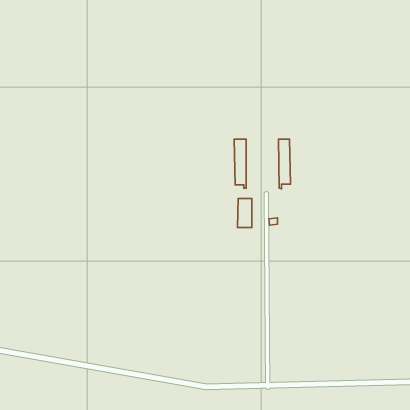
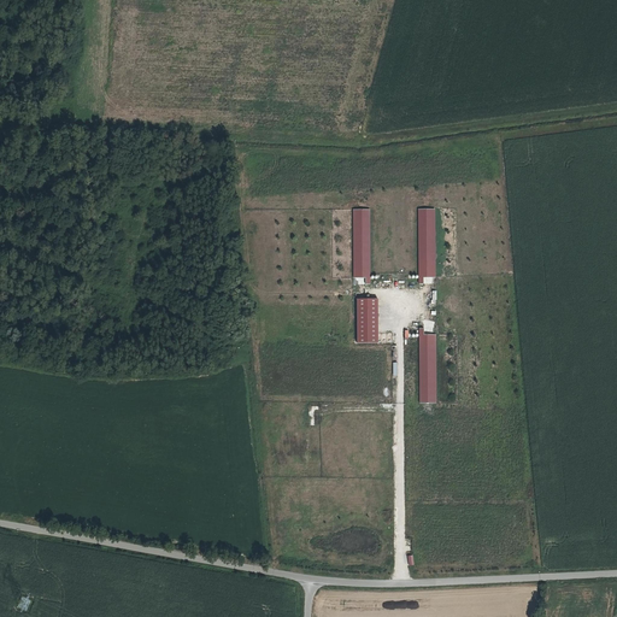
building: none -> [419,327,437,402]

